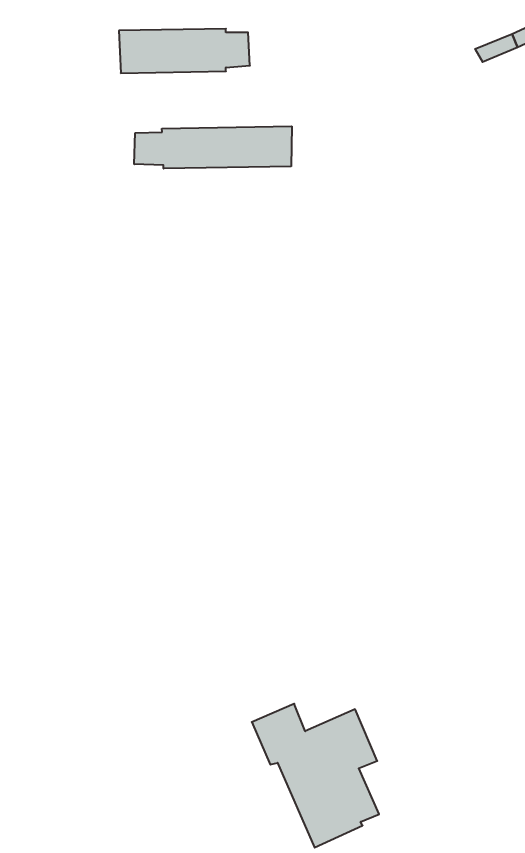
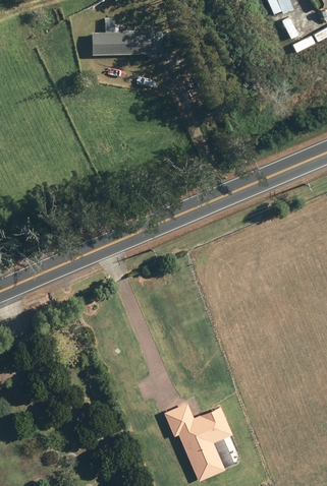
building: [134,126,292,169] -> none

